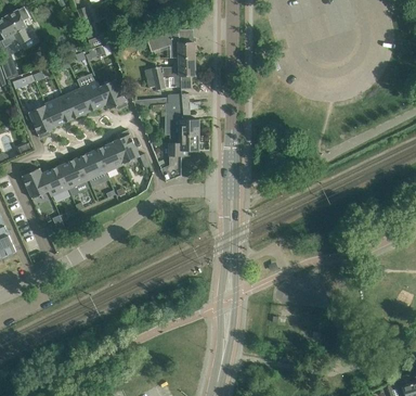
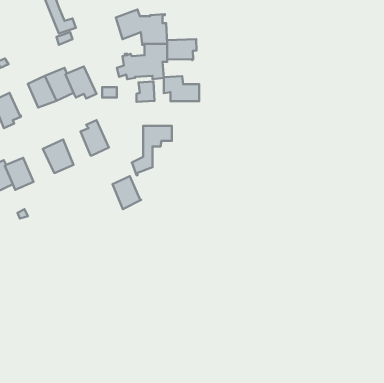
building: none -> [167,39,197,60]
building: [43,95,72,126] -> none
building: [165,112,198,136] -> [164,76,199,101]
building: [95,141,122,173] -> [113,176,141,209]
building: [57,157,87,189] -> none

